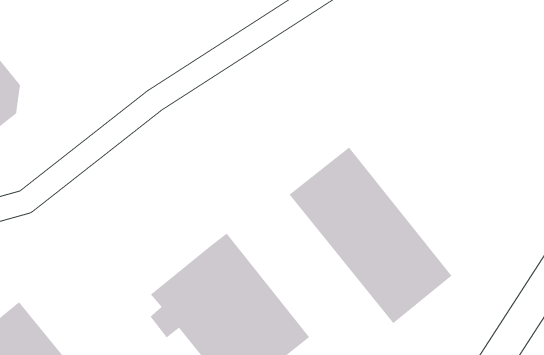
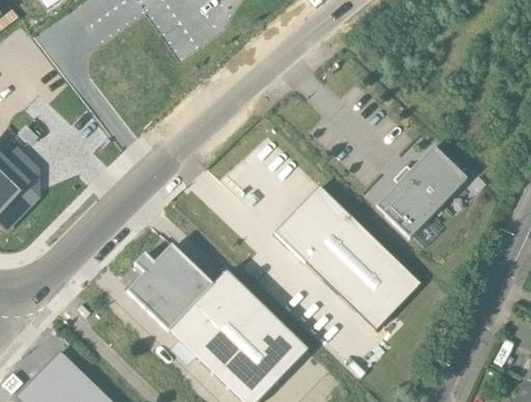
building: none -> [375,145,467,236]
building: none -> [127,242,213,329]

